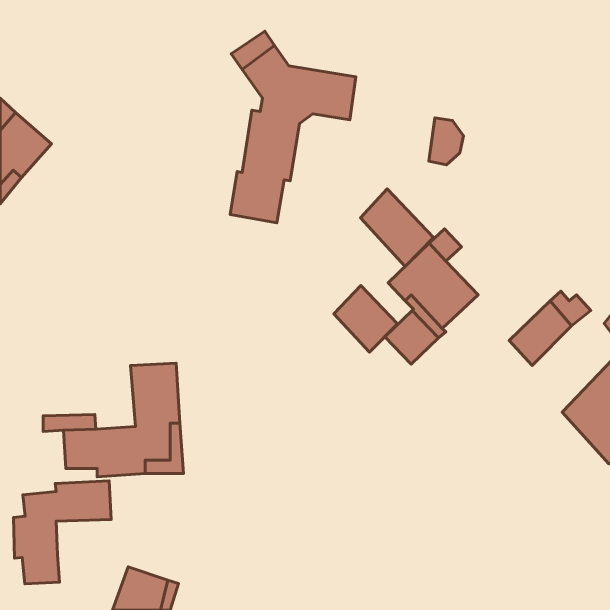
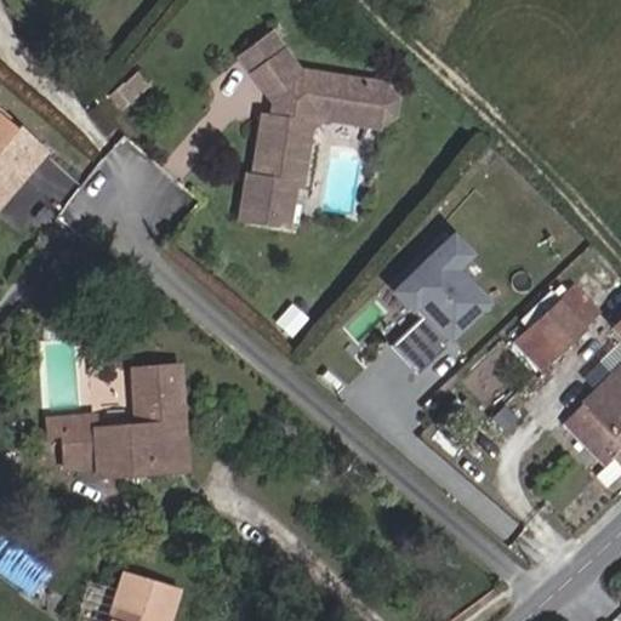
building: [429,118,463,165] -> [357,78,392,125]
building: [360,189,433,266] -> none
building: [334,285,398,352] -> none
building: [13,481,111,584] -> none

